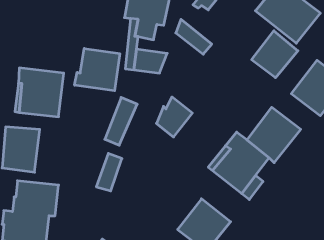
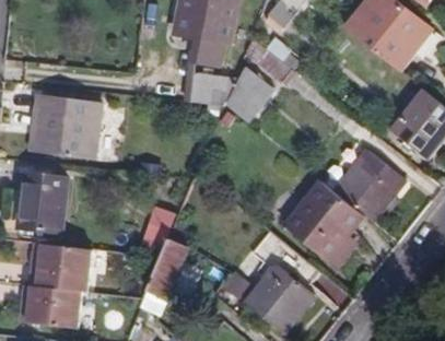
building: [252,31,298,78] -> none
building: [75,48,120,91] -> none
building: [156,97,192,137] -> [224,68,270,119]
building: [105,97,137,145] -> [149,238,190,299]

